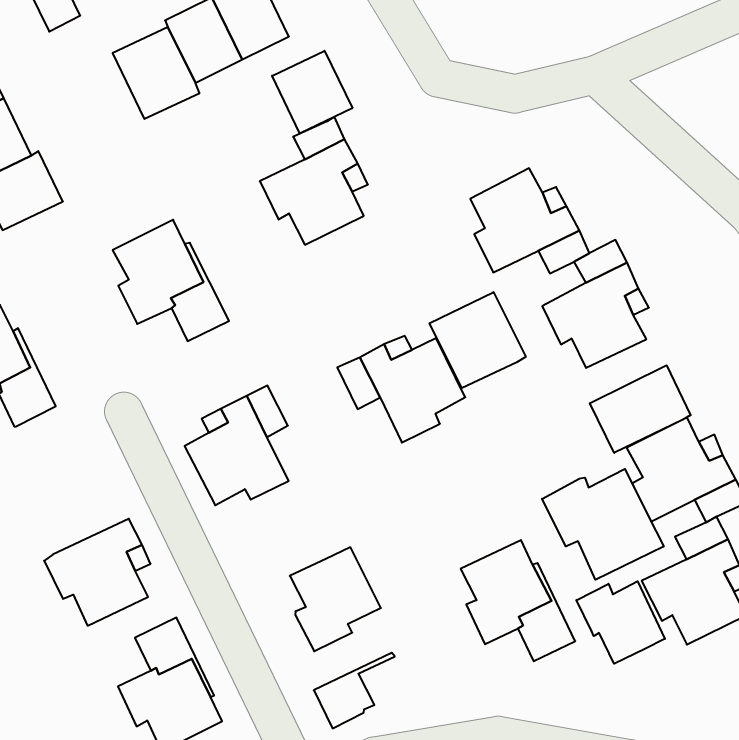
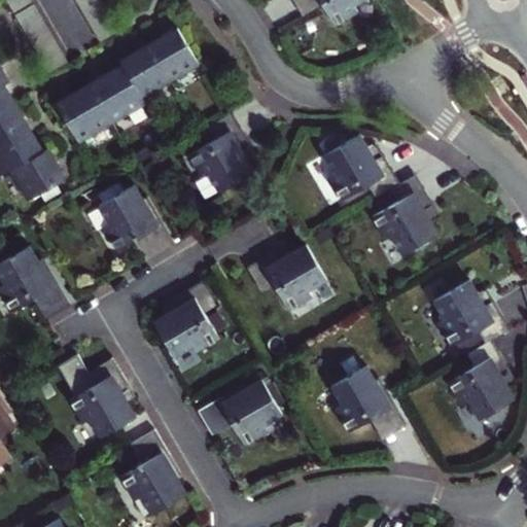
building: [272,51,352,133] -> none
building: none -> [57,84,112,143]
building: [430,292,526,388] -> none
building: [590,365,691,453] -> none
building: [542,469,664,580] -> none
building: none -> [59,354,121,396]
building: [576,581,665,664] -> none
building: [314,653,395,728] -> [197,384,245,433]

